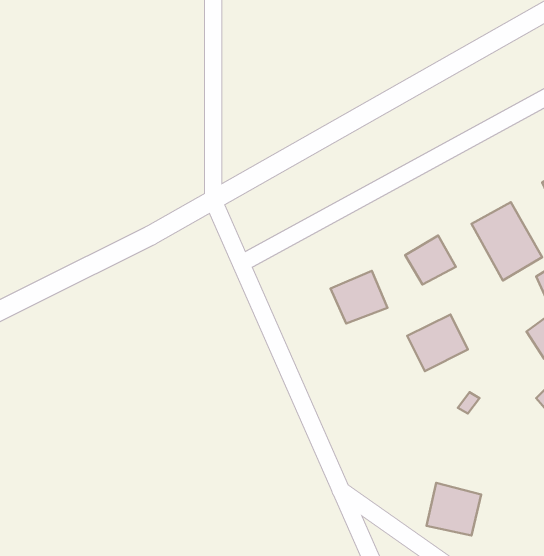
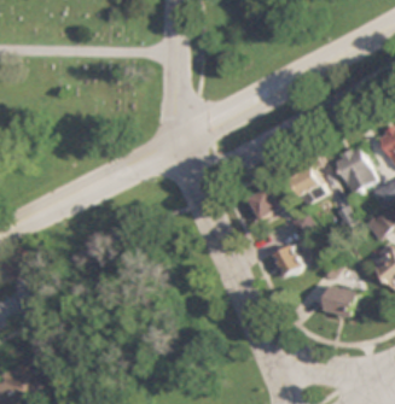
building: [407,314,468,371] -> [265,244,302,279]
building: [426,483,481,536] -> [323,283,356,316]

